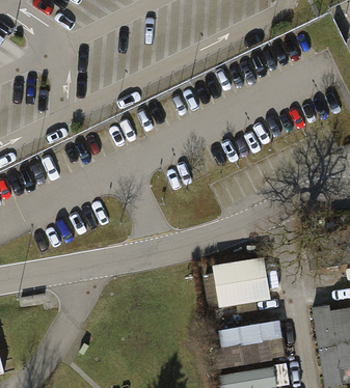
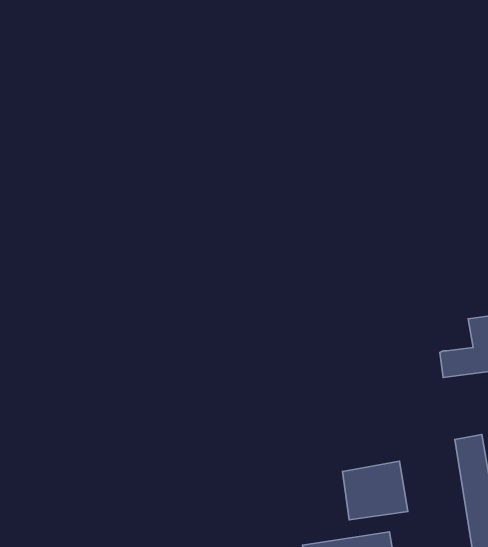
building: [215,258,268,303] -> none

